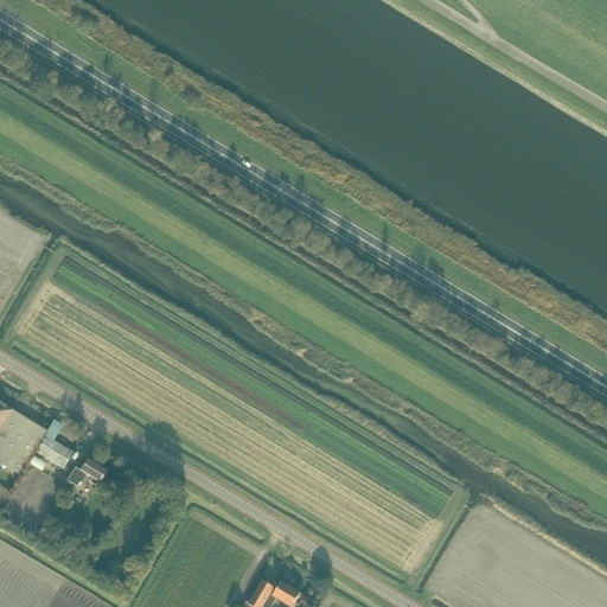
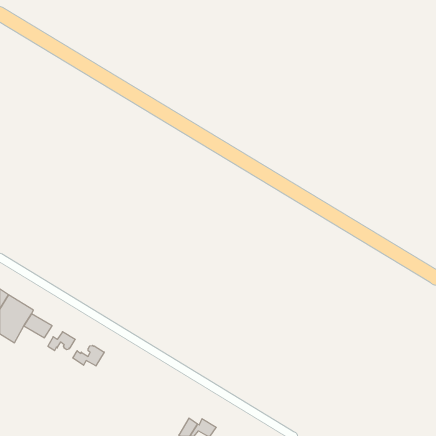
building: none -> [73,345,104,366]

